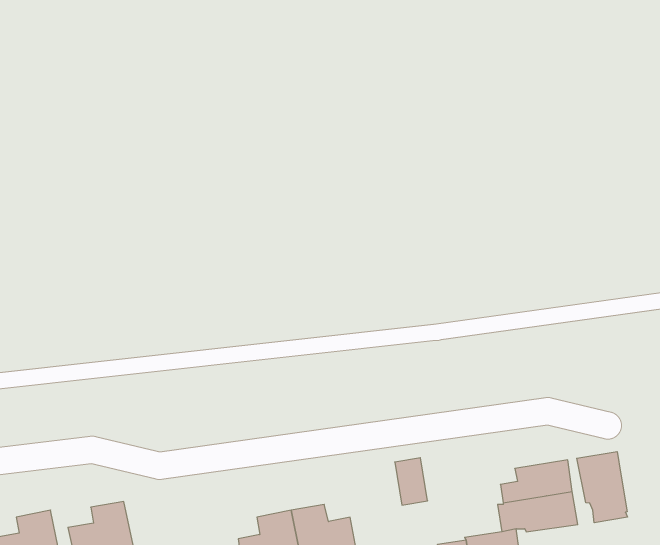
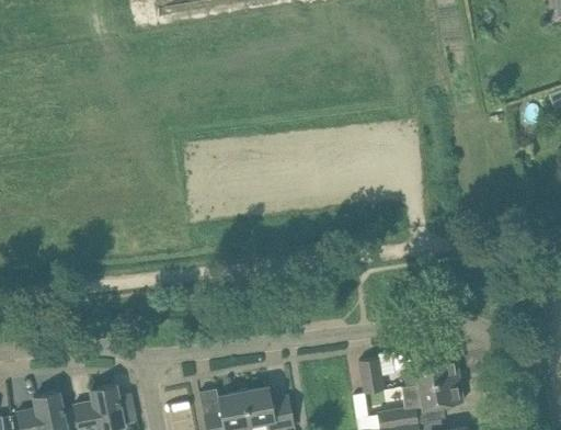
building: [577,452,627,523] -> none
building: [395,458,428,505] -> [357,359,382,395]

